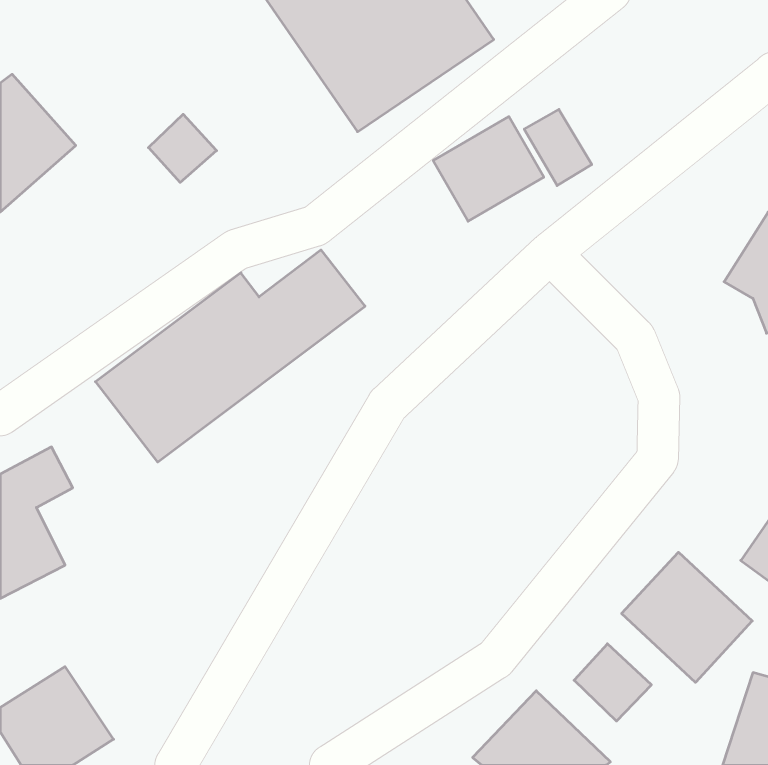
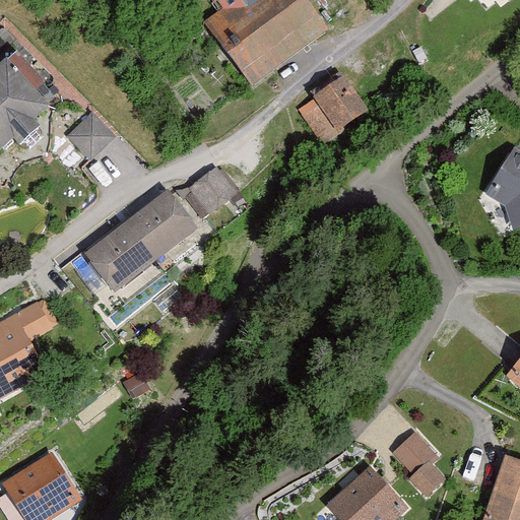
building: [524,109,592,186] -> none
building: [148,114,217,182] -> [73,107,119,152]
building: [622,552,752,682] -> none

